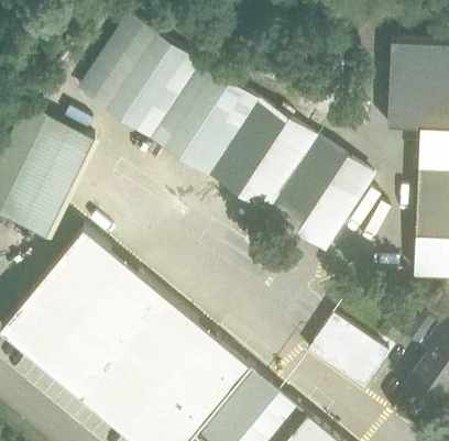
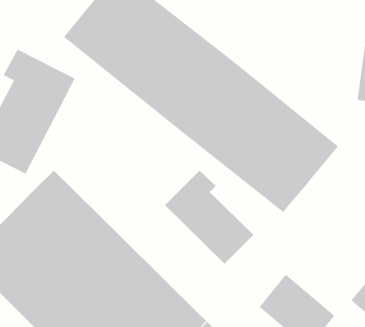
building: none -> [164,170,254,265]

